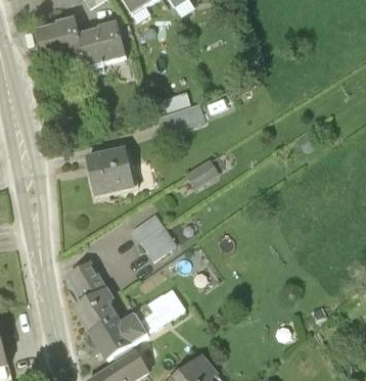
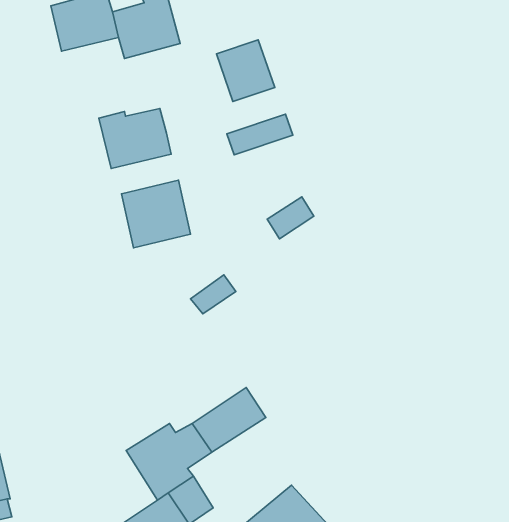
building: none -> [216,40,275,101]
building: none -> [99,108,171,169]
building: [140,223,175,256] -> none
building: [64,257,118,331] -> none

